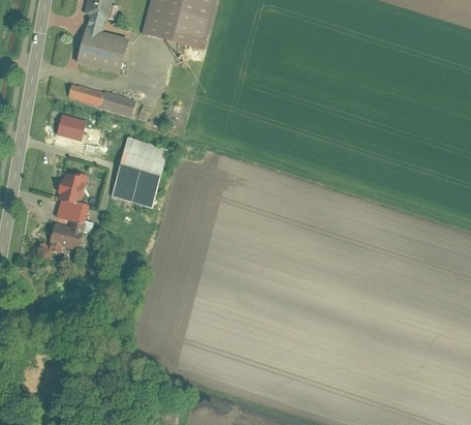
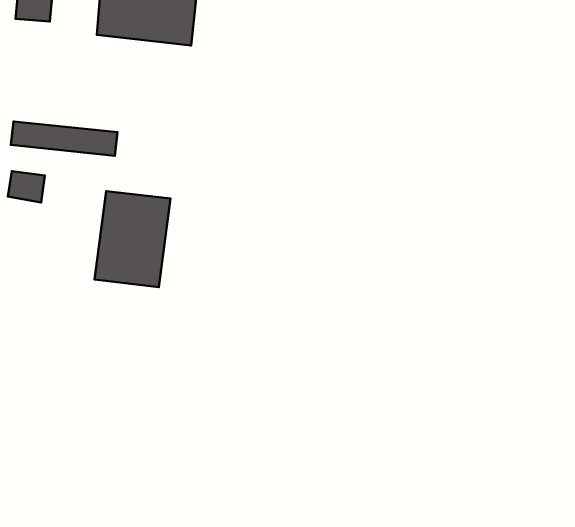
building: [72,26,125,72] -> none
building: [57,175,88,223] -> none
building: [50,224,83,253] -> none

